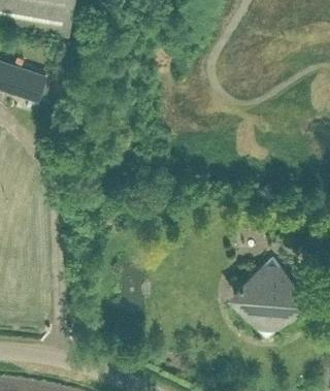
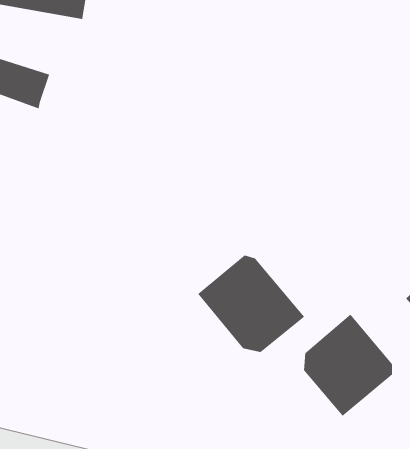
building: none -> [197,254,305,353]

